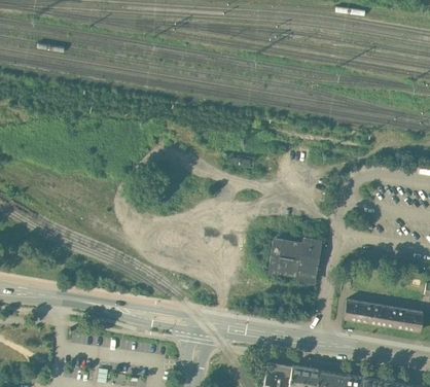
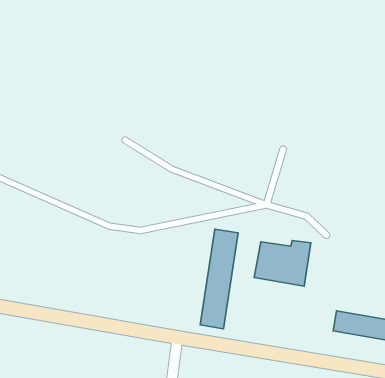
building: none -> [200,229,238,329]

